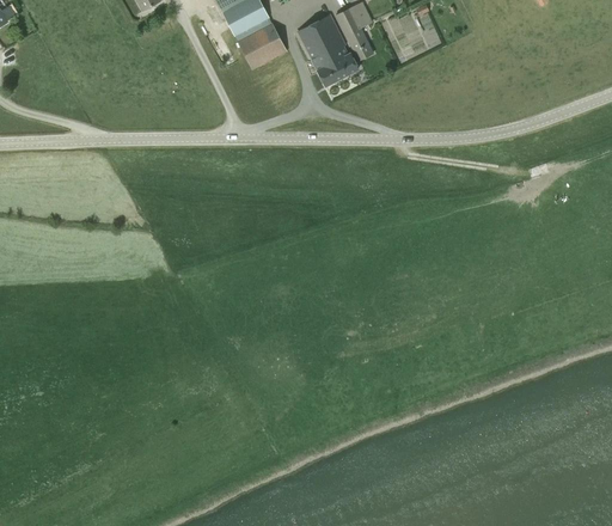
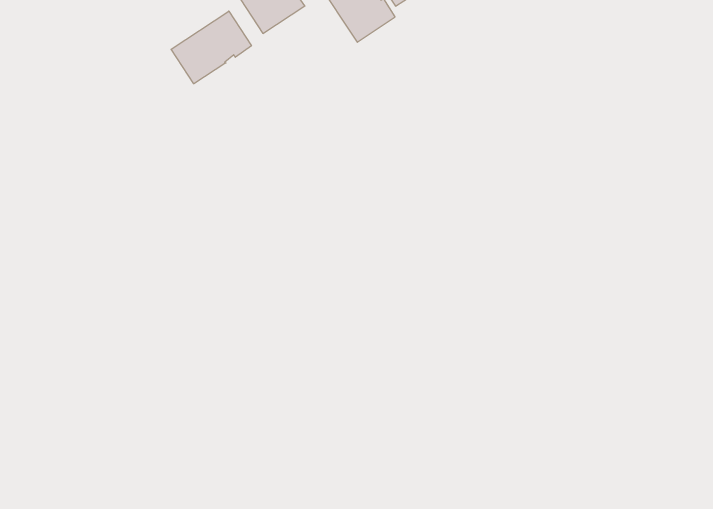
building: none -> [171,11,251,84]

